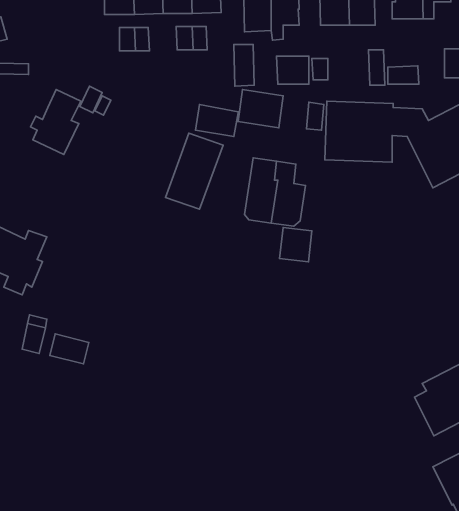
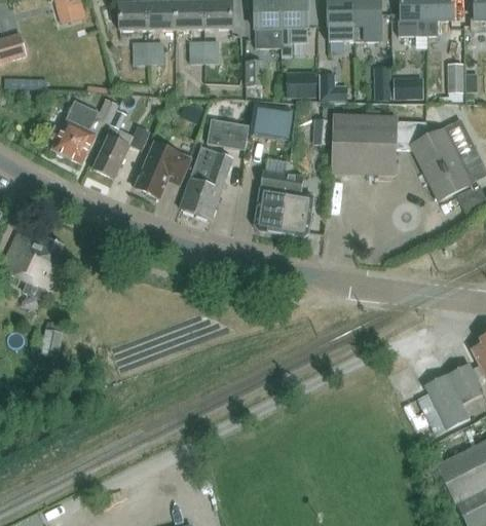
building: none -> [92,126,150,180]
building: none -> [135,144,190,201]
building: [280,228,312,262] -> none
building: [50,334,89,364] -> none

